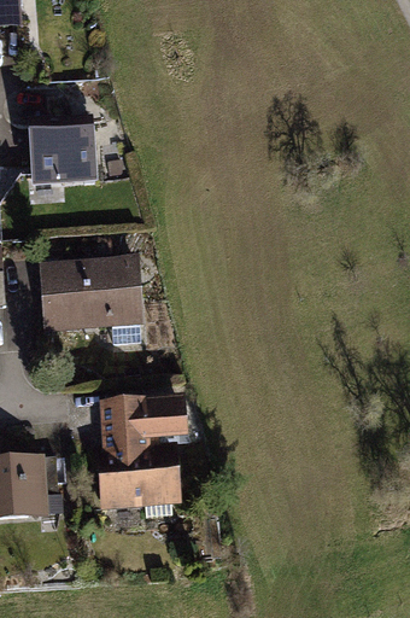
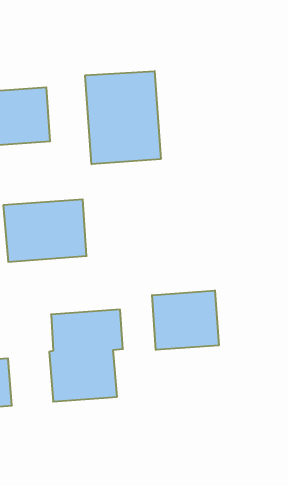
building: none -> [85,71,161,164]
building: none -> [152,290,219,350]

